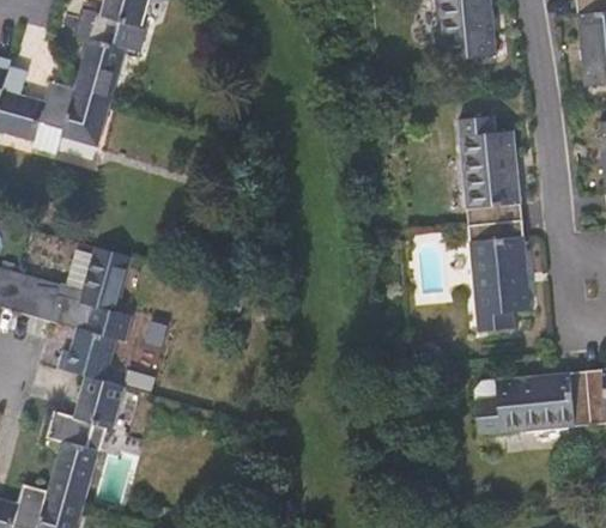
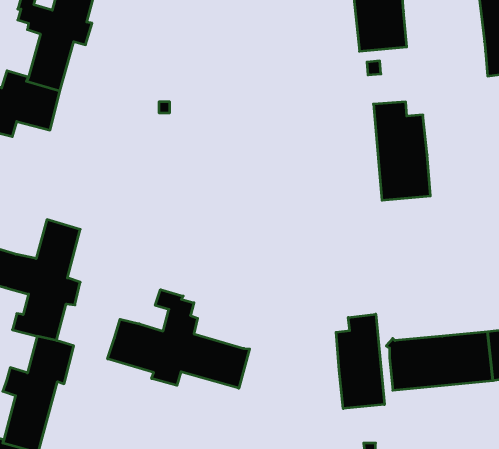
building: [467,220,529,330] -> none
building: none -> [108,290,250,388]
building: none -> [336,314,384,409]

